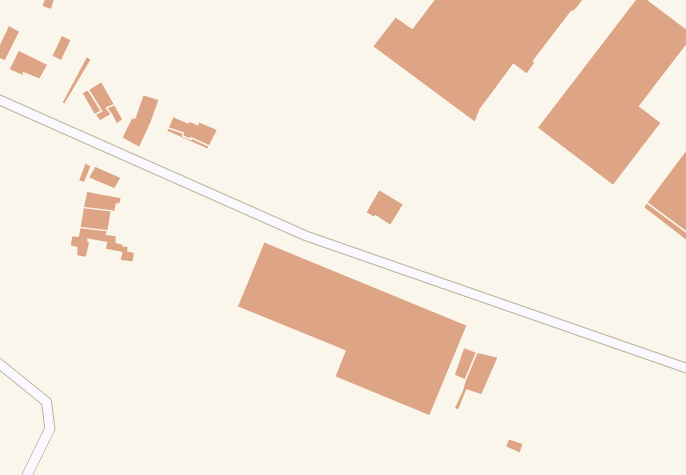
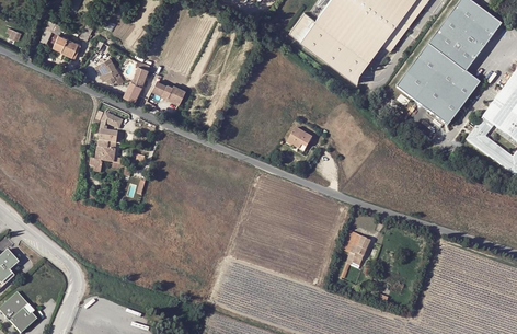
building: [237,242,467,416] -> none

